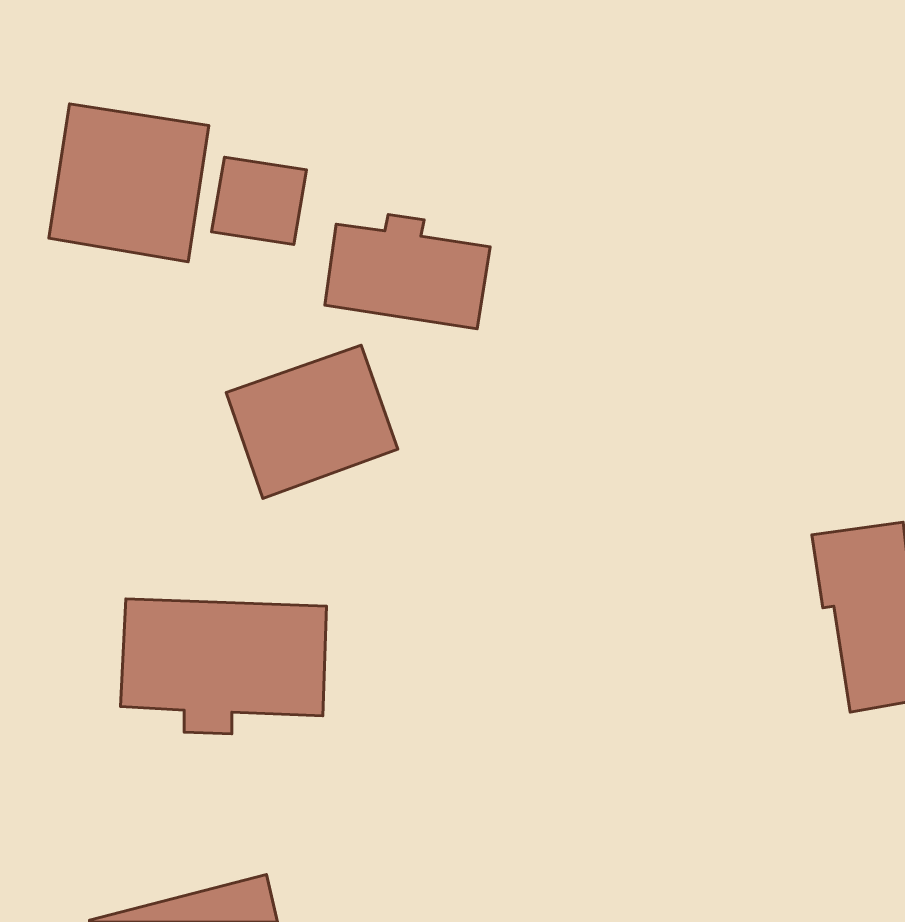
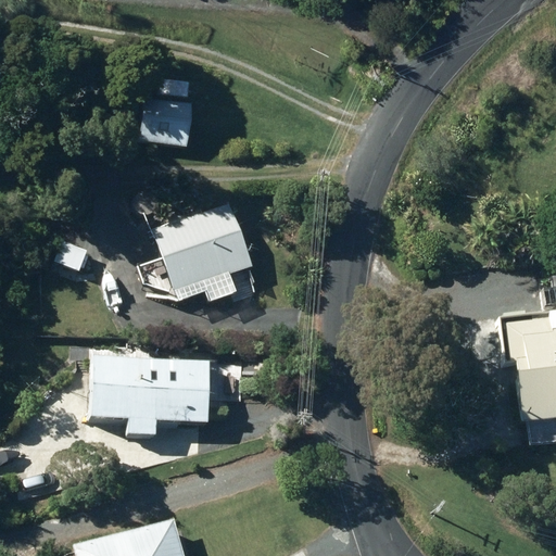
building: [49,104,209,262] -> none
building: [325,214,490,329] -> none

